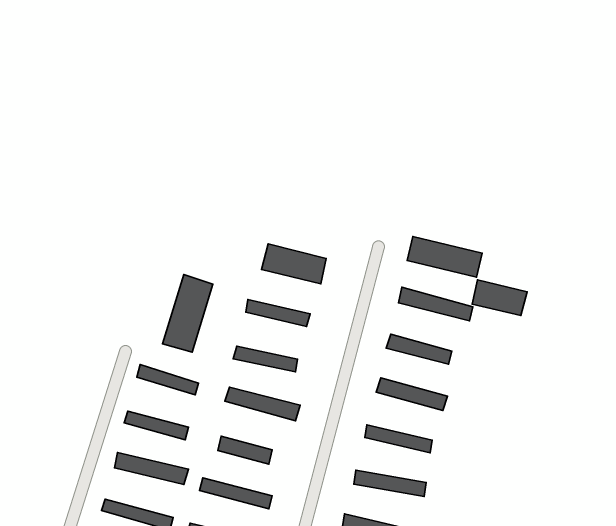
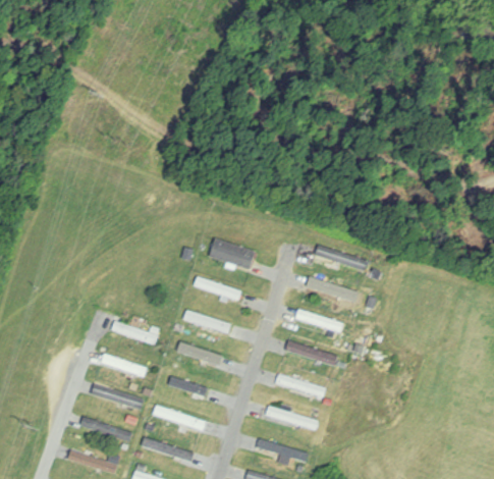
building: [162,274,213,352] -> none
building: [472,280,527,316] -> none

